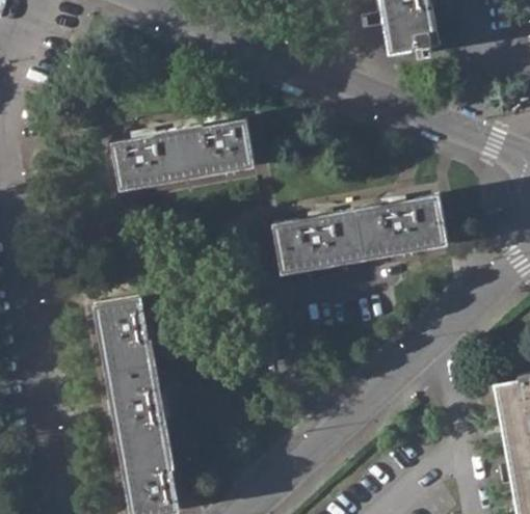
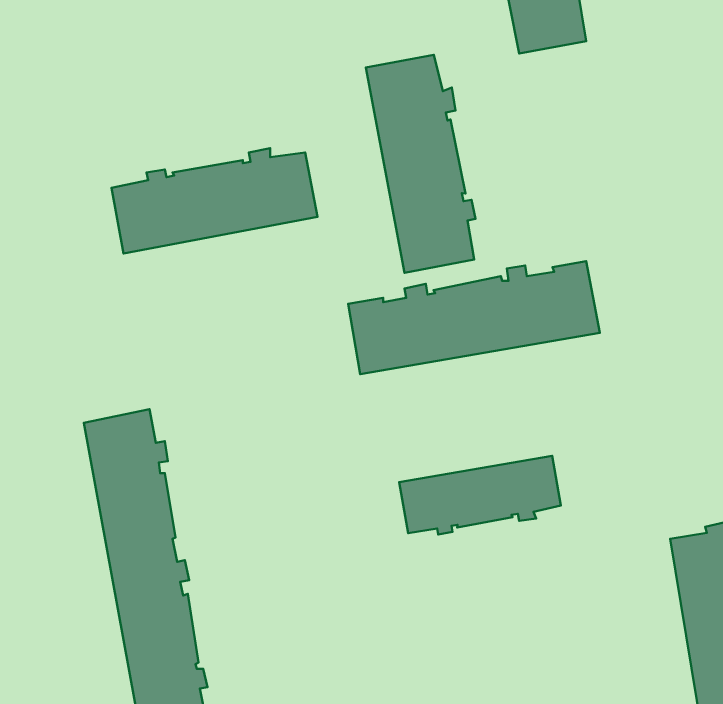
building: none -> [366,55,476,273]
building: none -> [399,456,561,534]

